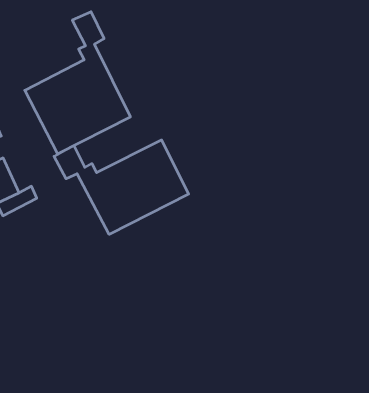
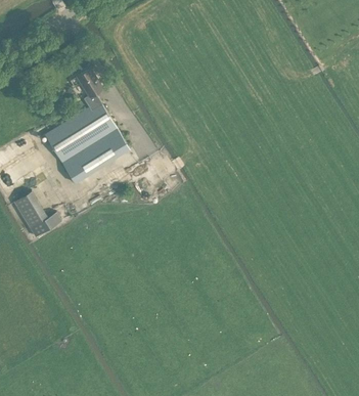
building: [54,140,189,234] -> none

